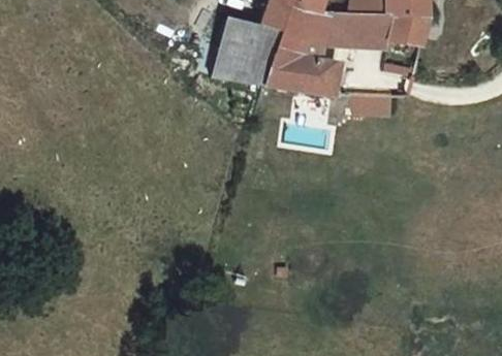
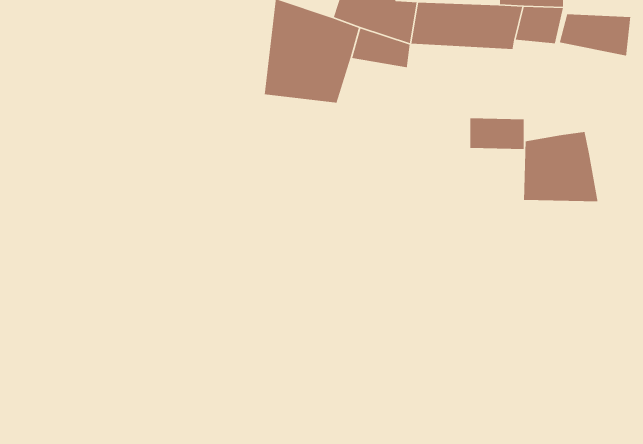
building: none -> [559,14,631,56]
building: [266,53,334,93] -> none
building: none -> [523,131,599,202]

